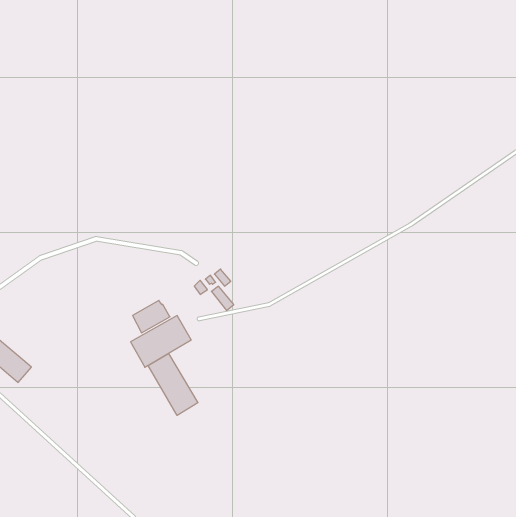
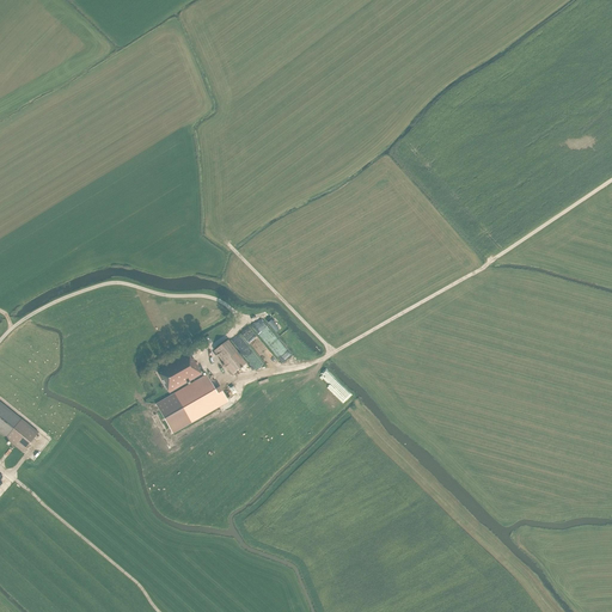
building: none -> [213,341,246,375]
building: [148,353,198,415] -> none

